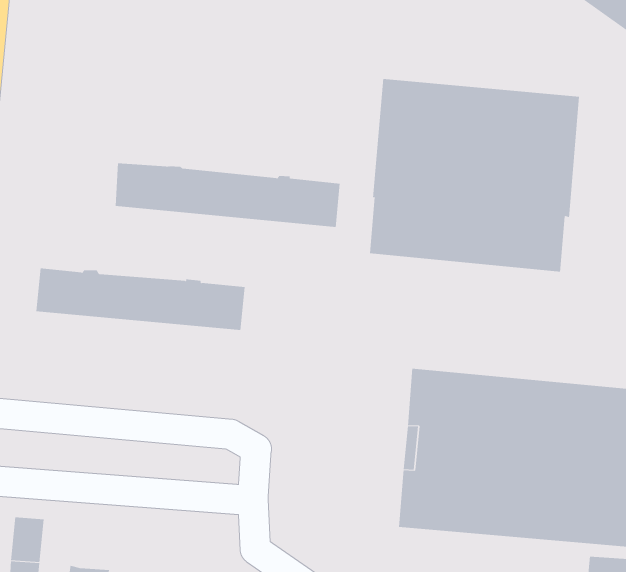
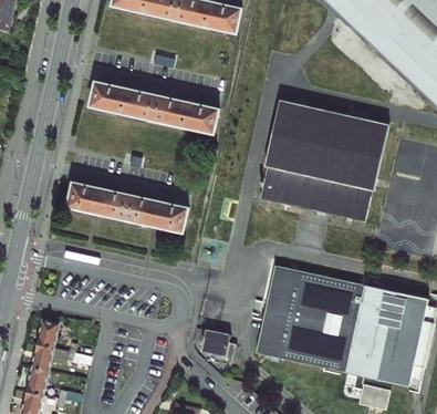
building: [115,163,341,227] -> [90,81,218,133]
building: none -> [200,330,236,360]

